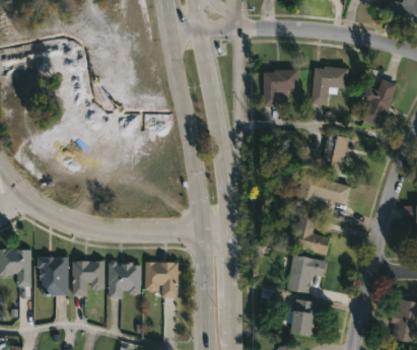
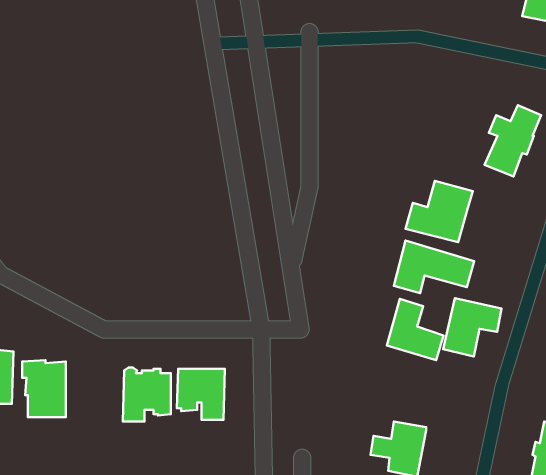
building: [310,65,350,106] -> none
building: [264,68,299,106] -> none
building: [286,254,327,294] -> [443,298,501,356]
building: [72,260,105,295] -> none

